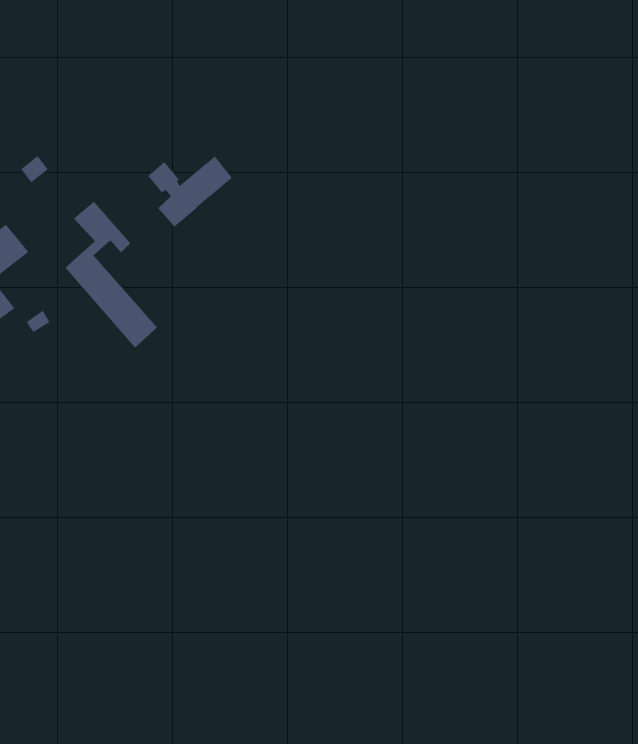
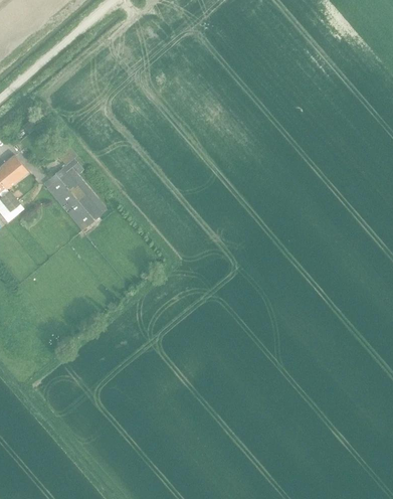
building: [147,156,232,228] -> none

